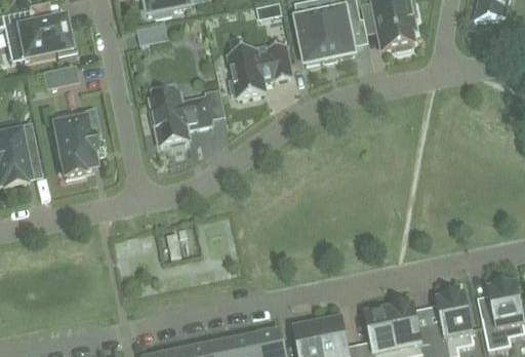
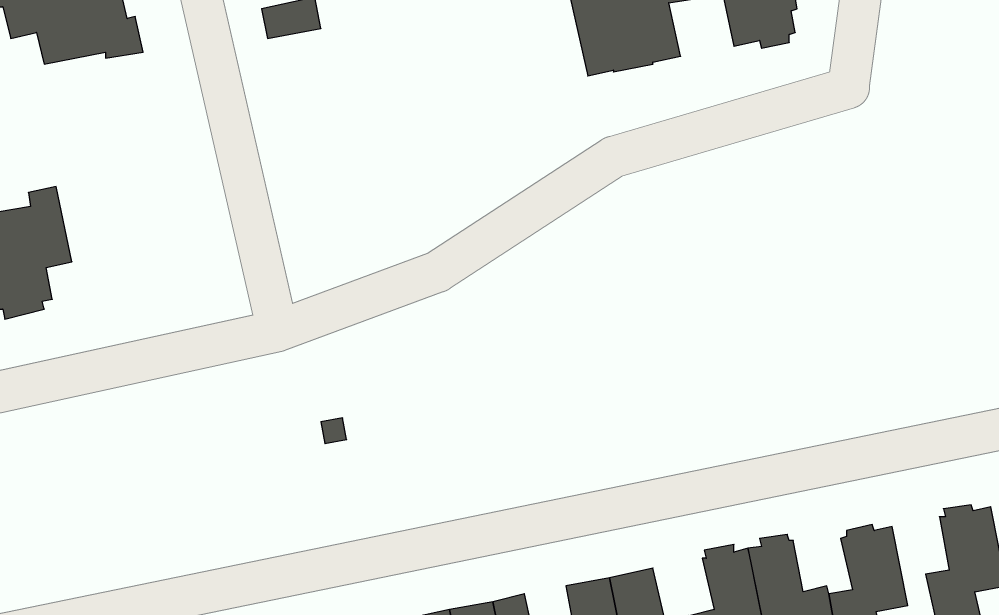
building: [229,42,291,97] -> none
building: [43,63,79,87] -> none
building: [150,92,211,145] -> none
building: [53,107,99,176] -> none

